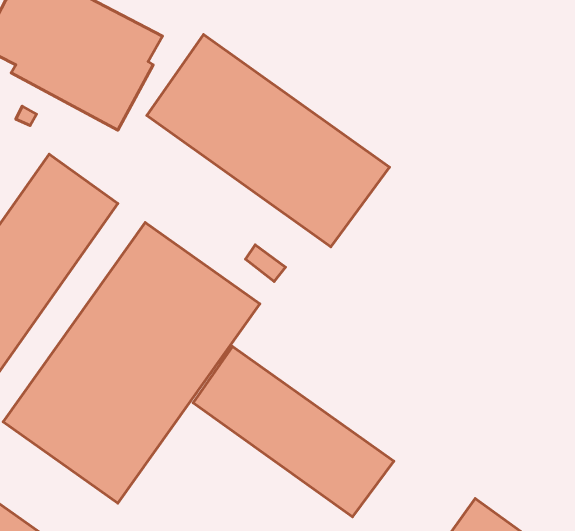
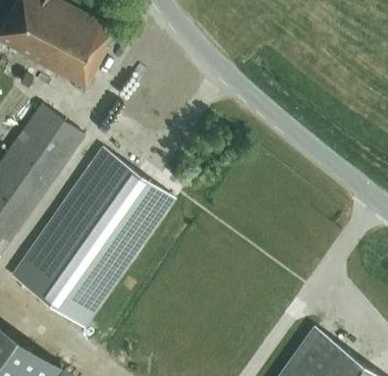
building: [147,35,390,247] -> none
building: [193,347,394,517] -> none

